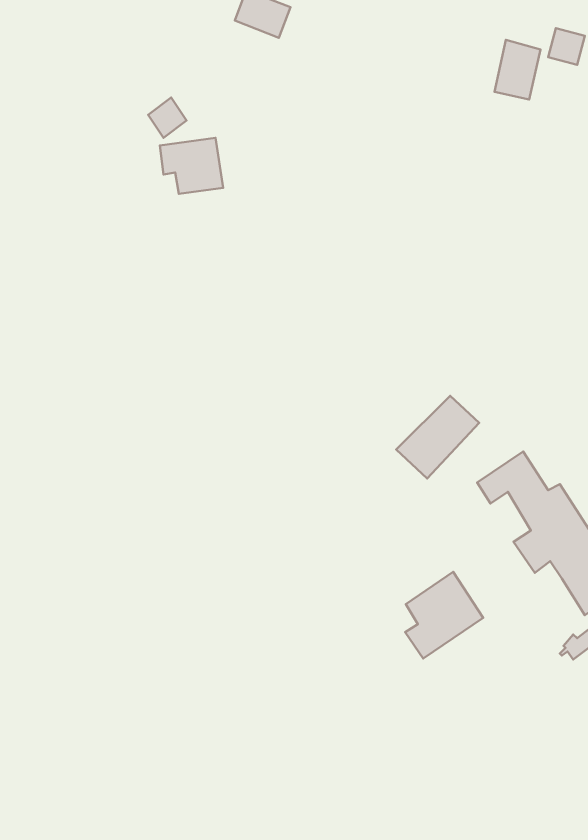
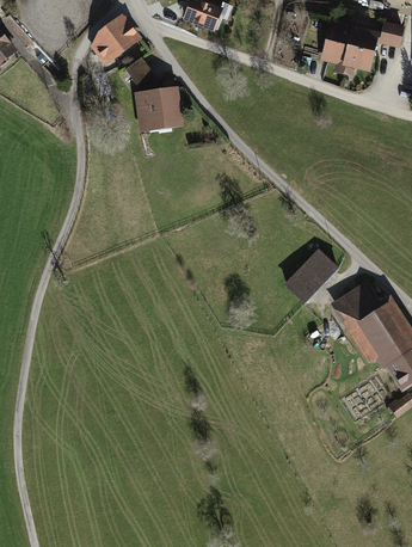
building: none -> [92,17,136,60]
building: none -> [325,25,353,62]
building: [405,572,483,658] -> none

